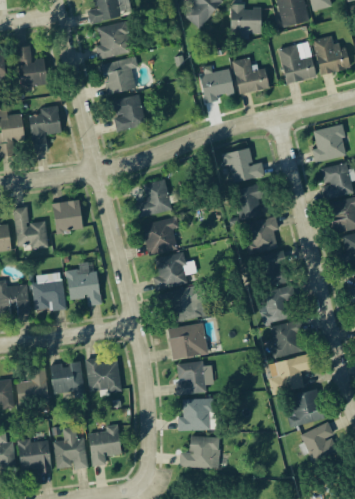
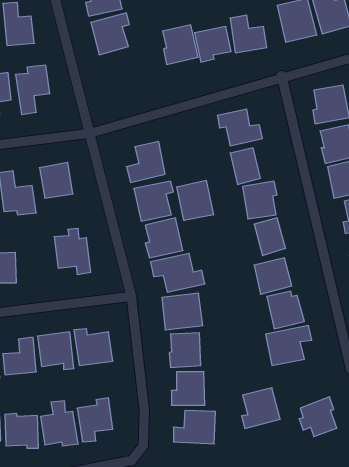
building: [113,94,147,132] -> [162,25,198,65]
building: none -> [177,180,213,221]
building: [32,273,66,312] -> none
building: [288,389,325,428] -> [242,388,280,428]

